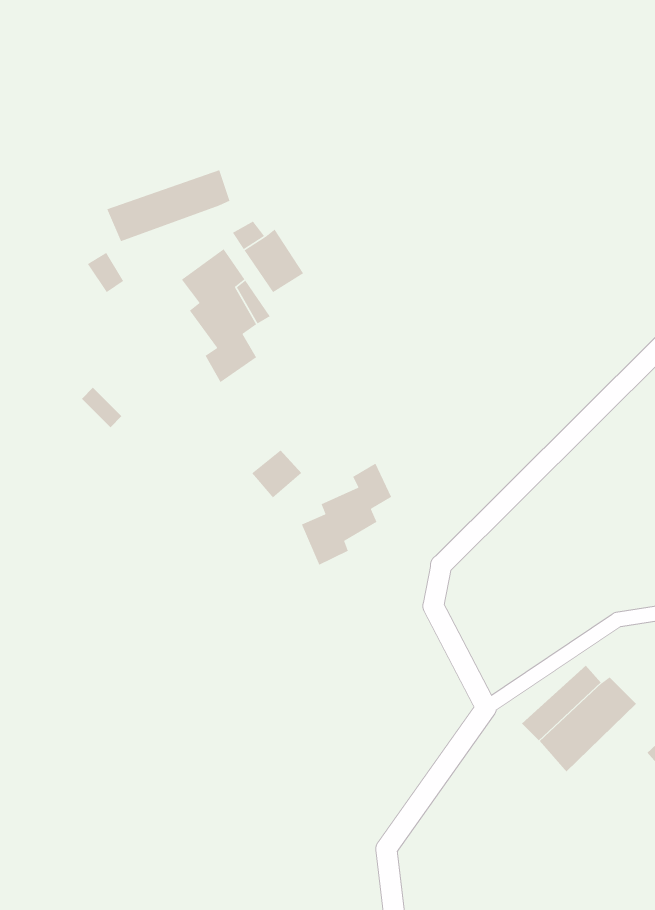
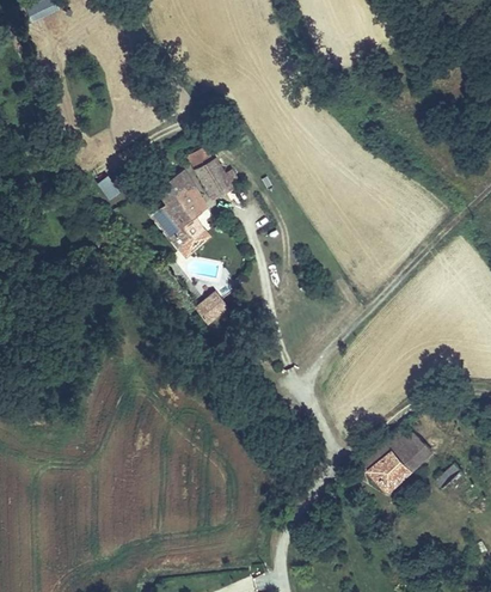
building: [106,169,230,242] -> none
building: [301,462,392,566] -> none

